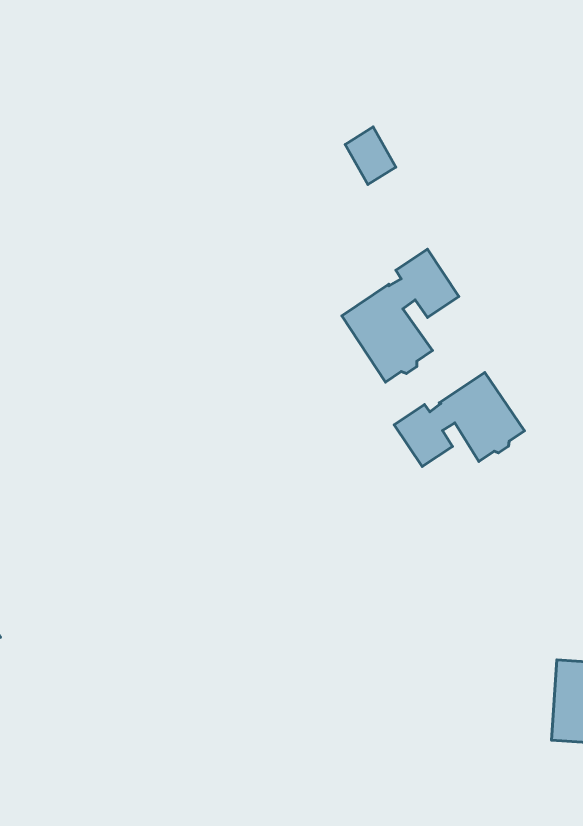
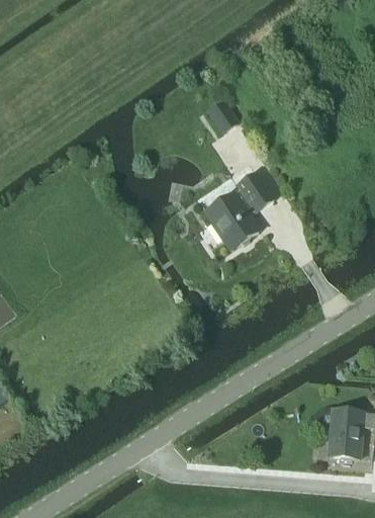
building: [394,373,524,467] -> none

